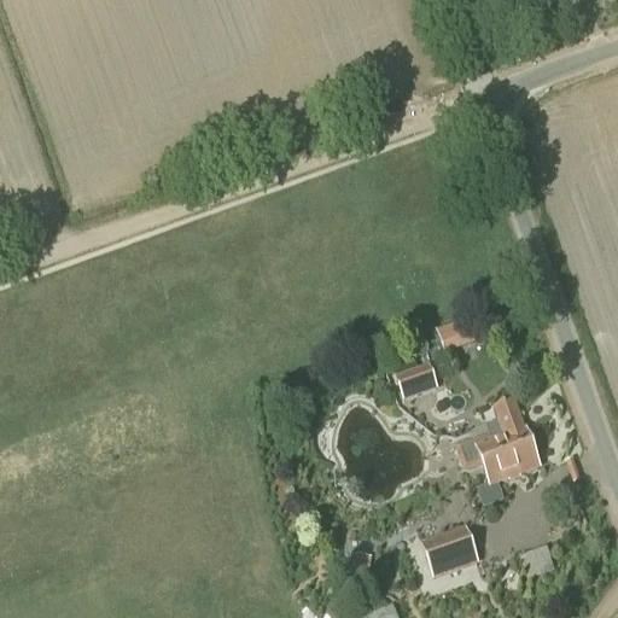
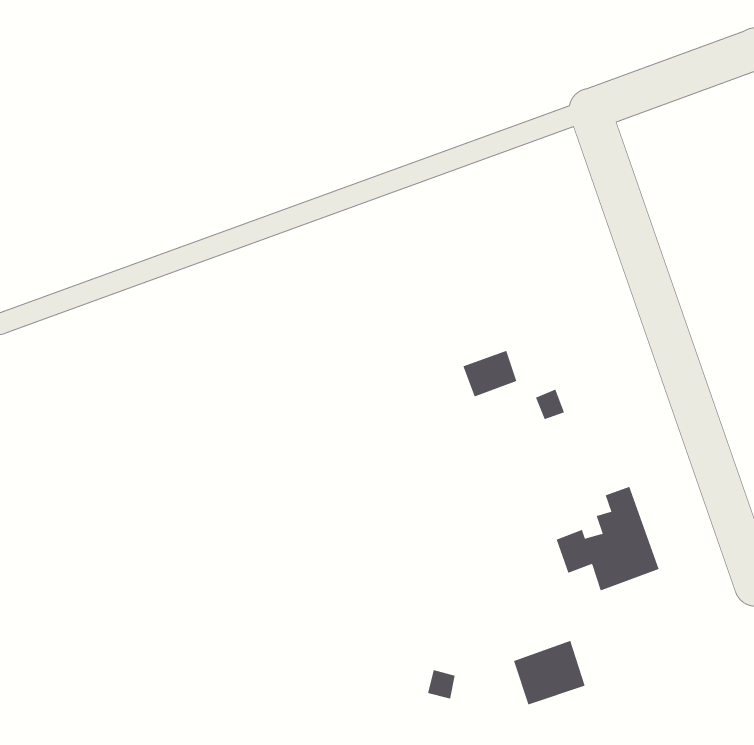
building: [393,360,438,398] -> [462,350,517,397]

